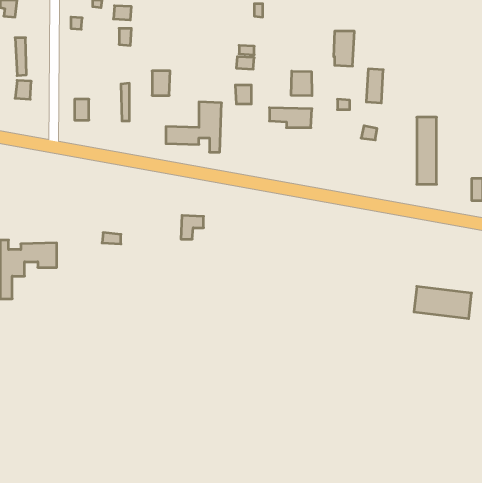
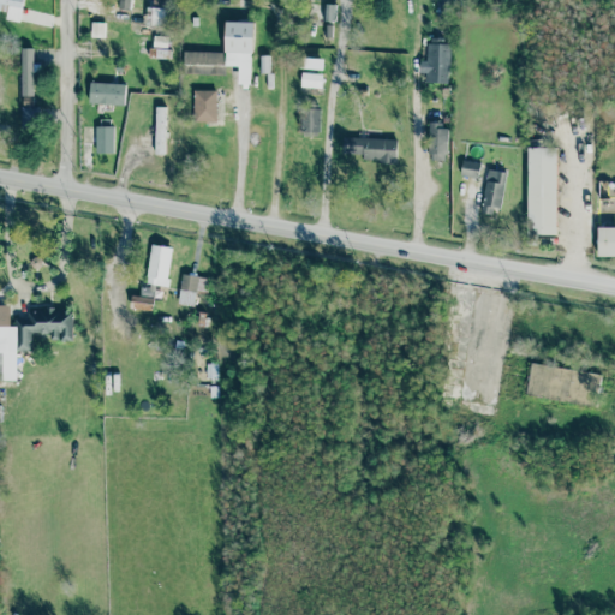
building: none -> [90,82,126,105]
building: [366,69,383,103] -> [484,169,506,213]
building: [291,71,312,96] -> none
building: [166,102,222,152] -> [184,20,255,84]
building: none -> [145,244,173,286]
building: [181,215,204,239] -> [180,275,209,305]

